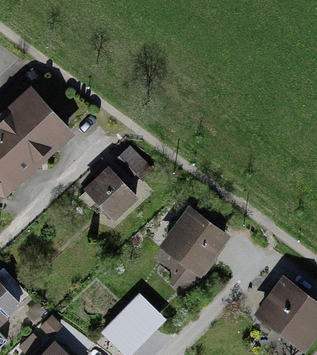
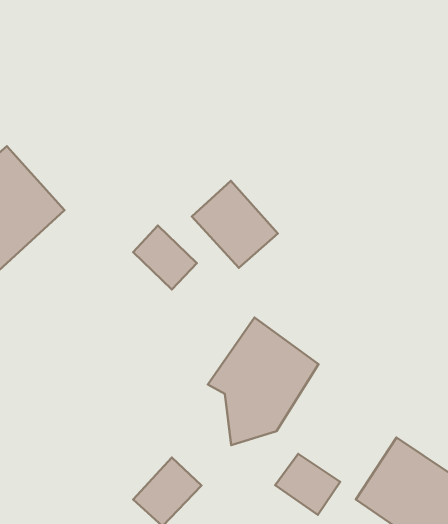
building: [85,164,140,220] -> [192,181,278,268]
building: none -> [275,454,340,515]

